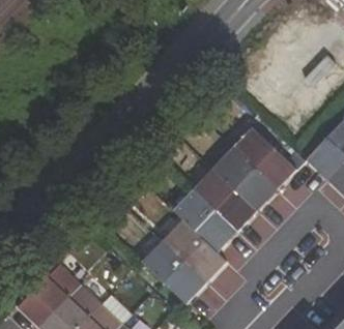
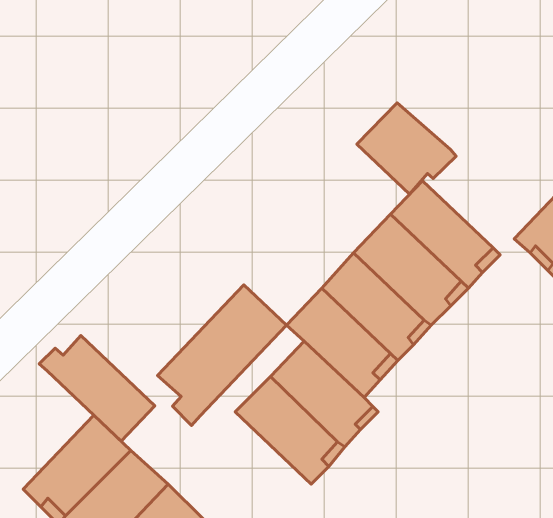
building: none -> [357,103,456,194]
building: none -> [158,285,286,425]
building: none -> [39,336,155,441]

